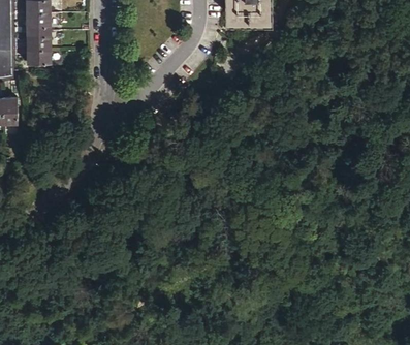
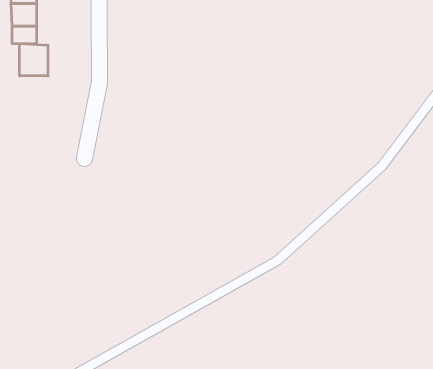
building: none -> [20,44,48,76]

